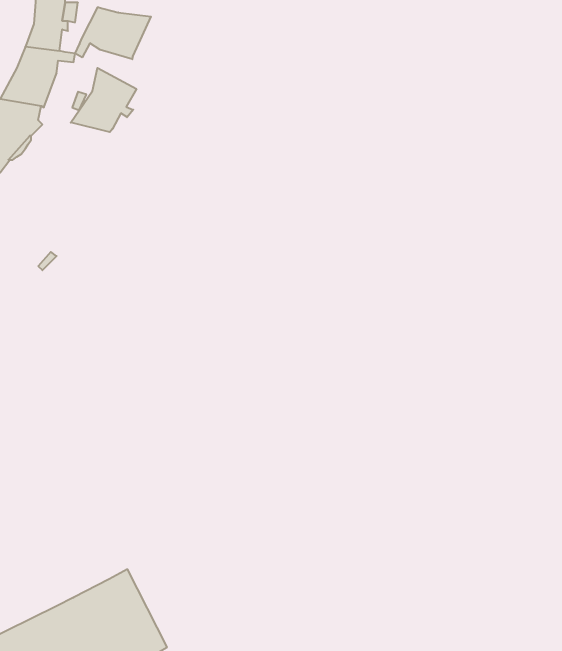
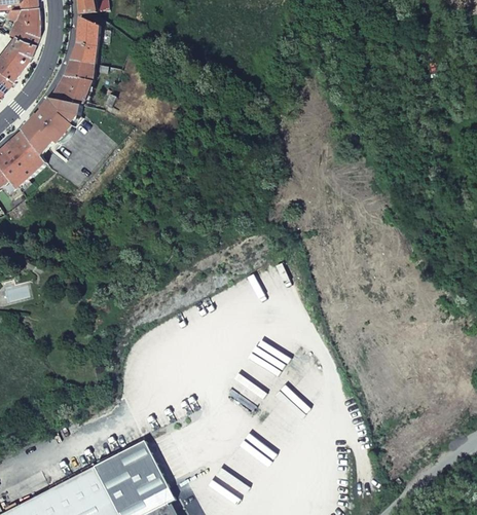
building: [75,7,151,59] -> none
building: [71,68,136,132] -> none

